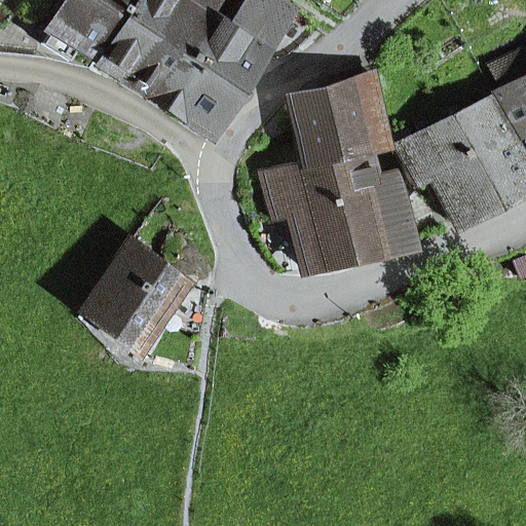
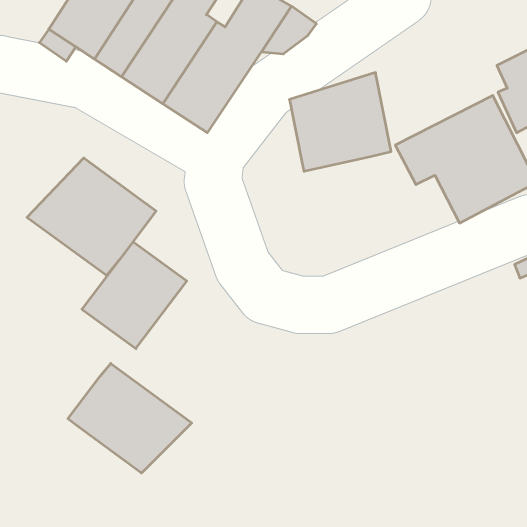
building: [262,155,416,267] -> none
building: none -> [27,158,156,275]
building: none -> [68,363,192,473]

